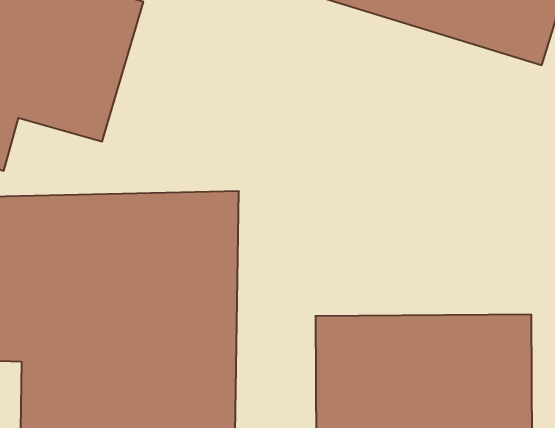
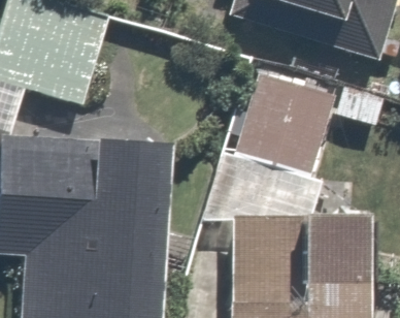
building: none -> [222,61,338,169]

